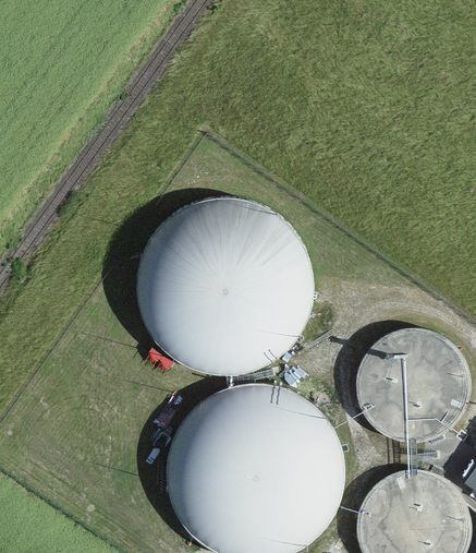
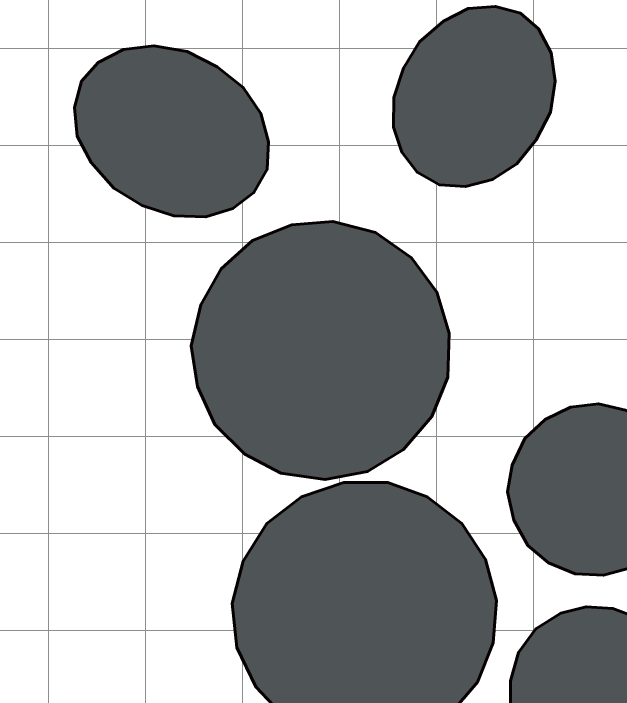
building: none -> [394,6,555,186]
building: none -> [75,46,268,217]

